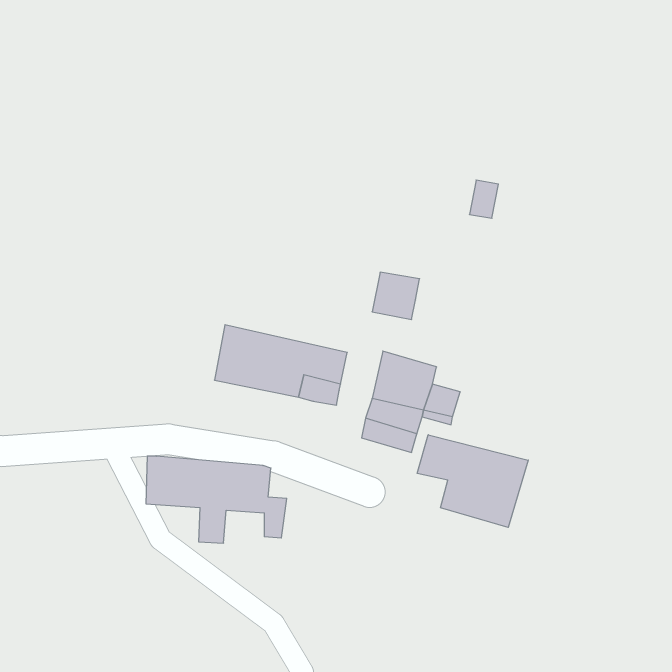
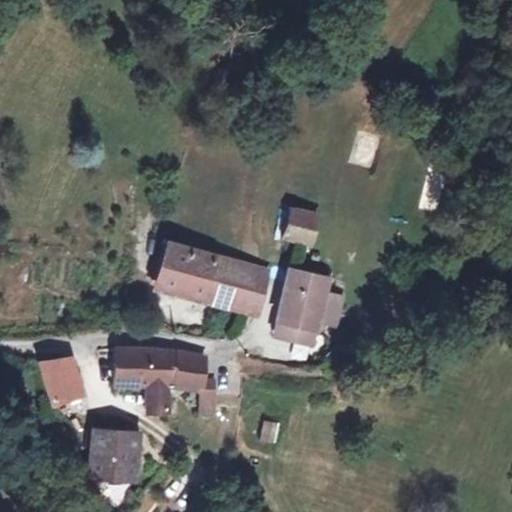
building: [417,435,528,527] -> none
building: none -> [38,353,76,403]
building: none -> [89,428,138,478]

